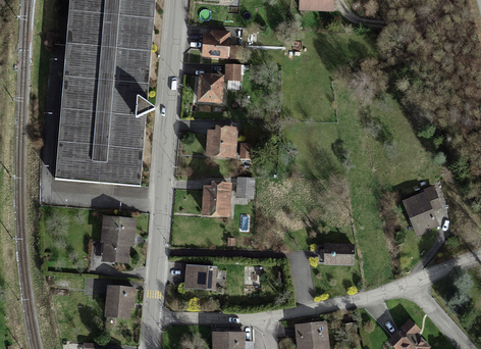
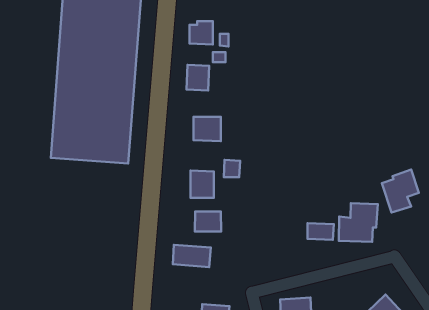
building: [103,220,132,259] -> none
building: none -> [339,203,378,242]
building: none -> [195,211,221,232]
building: [105,289,133,313] -> none

